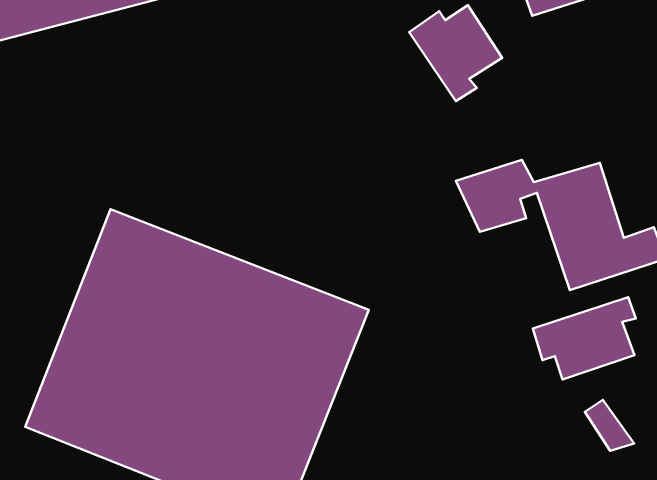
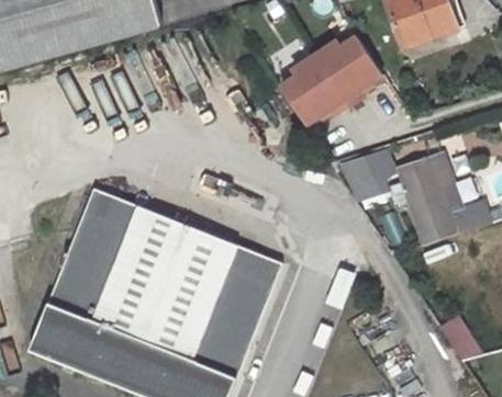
building: none -> [277,58,345,127]
building: [533,297,636,379] -> none

